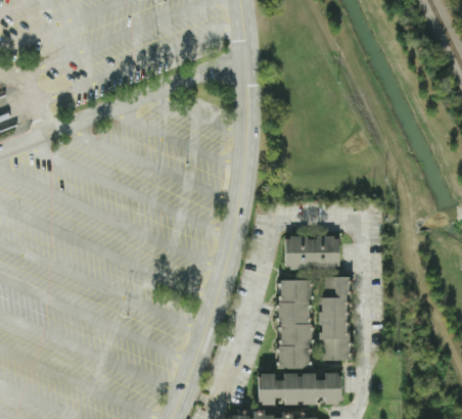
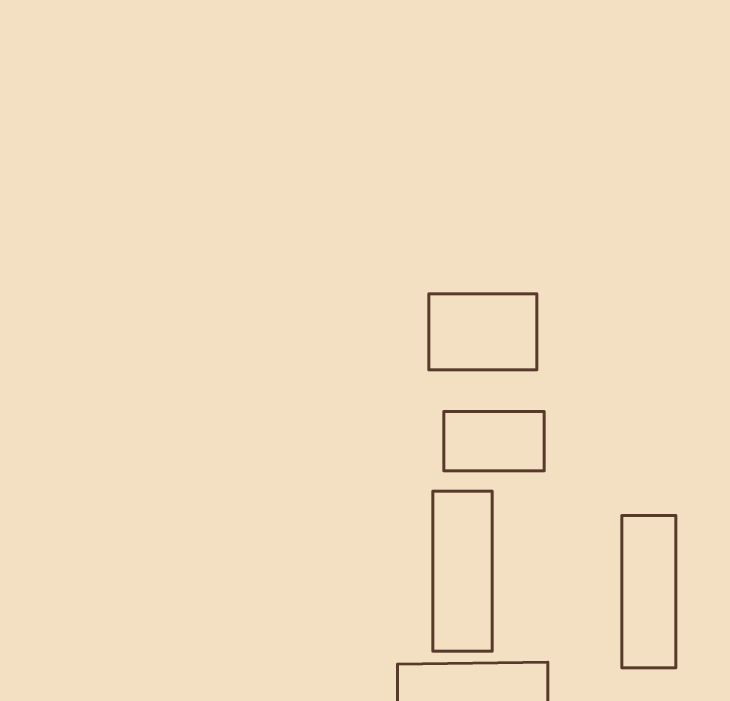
building: none -> [429,294,537,370]
building: [319,276,349,360] -> [622,515,676,668]

